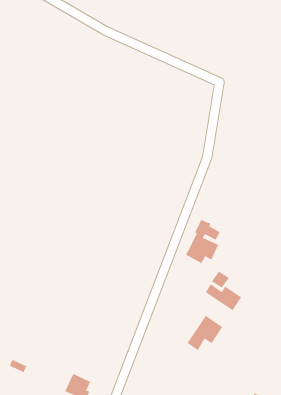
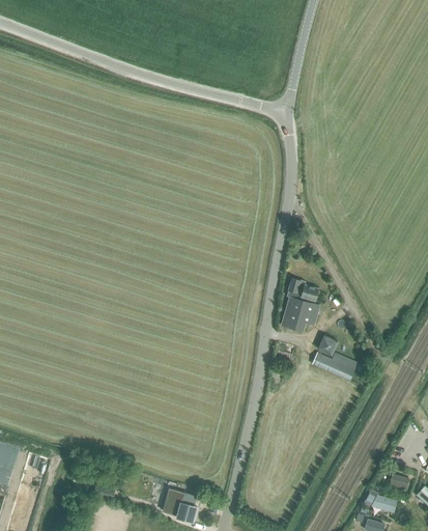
building: [187,315,223,351] -> none

